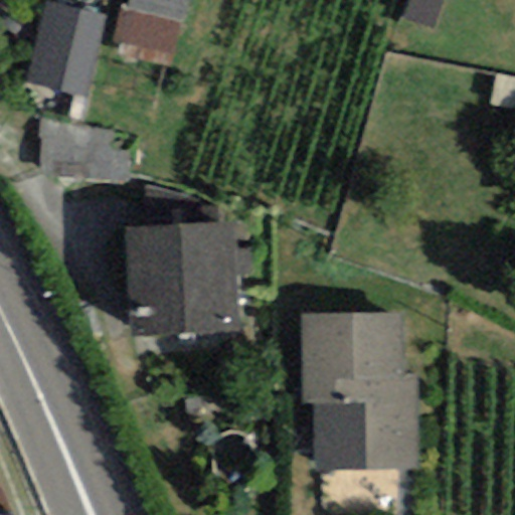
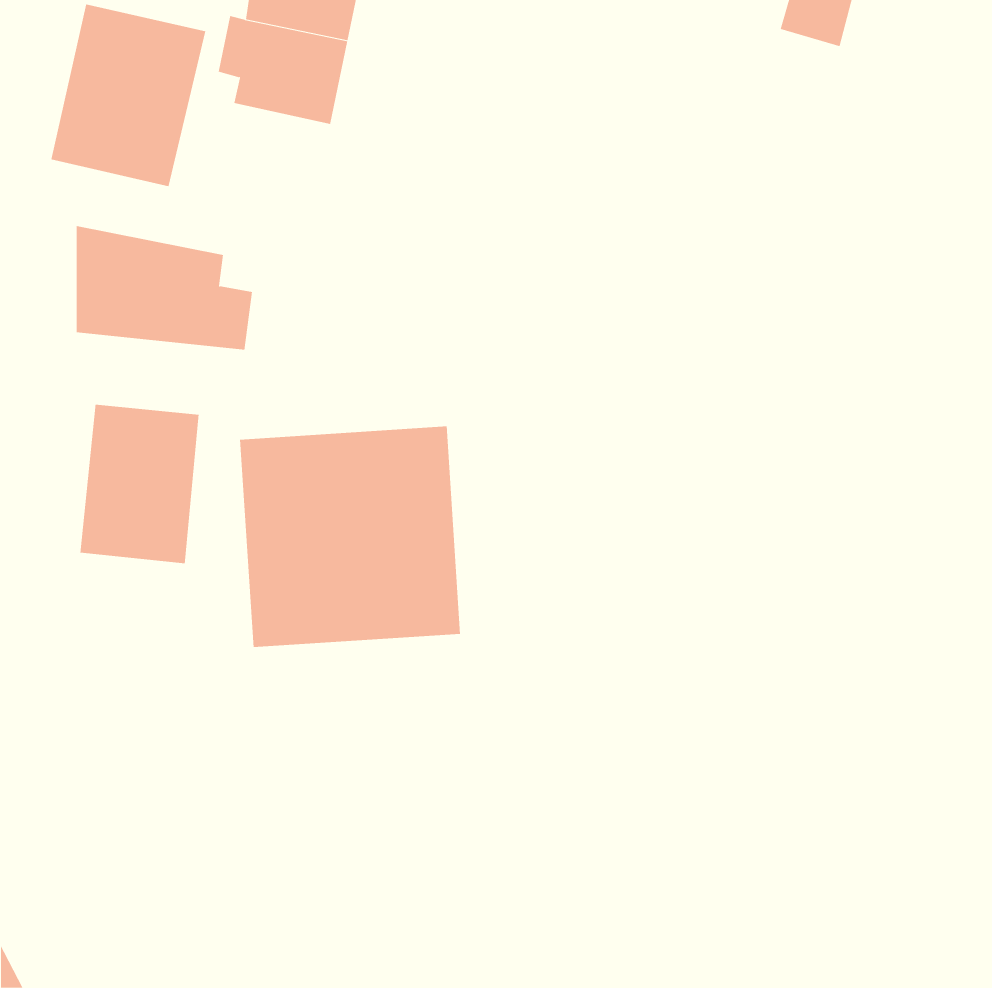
building: none -> [80,404,199,564]
building: [303,313,417,468] -> none

